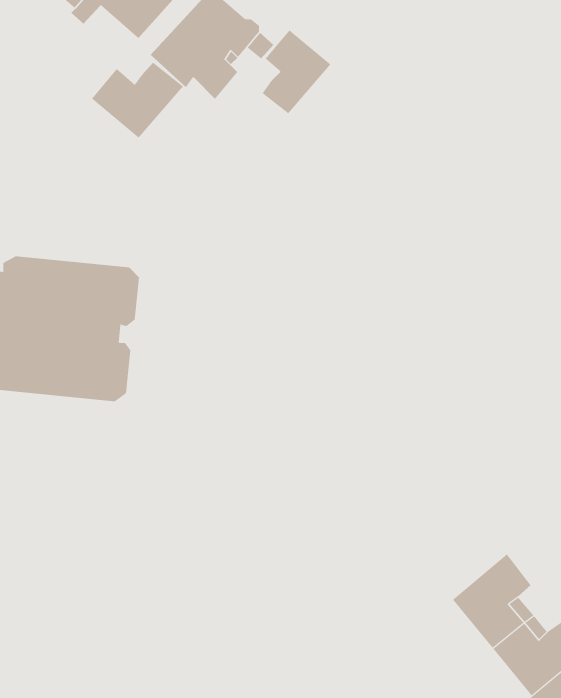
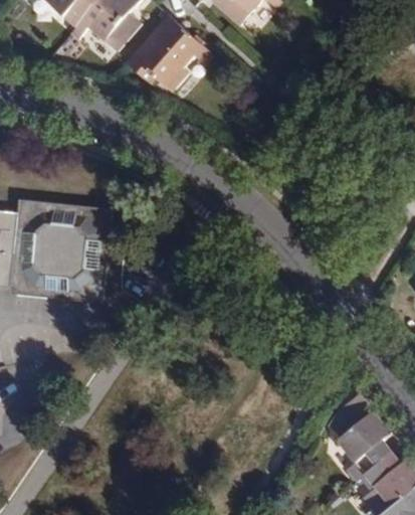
building: [262,29,331,114] -> none
building: [91,62,184,139] -> none

